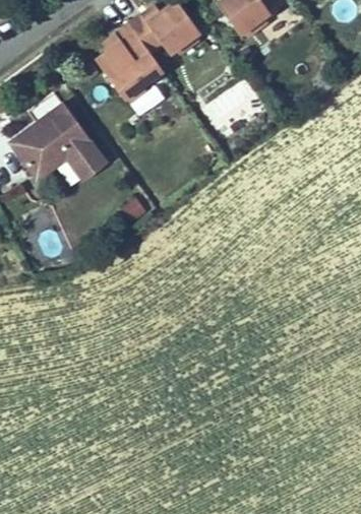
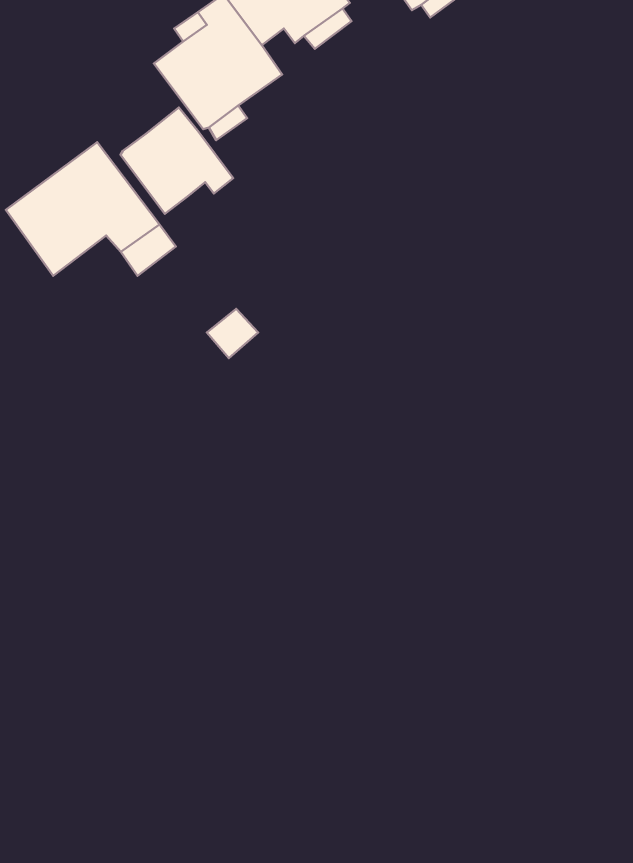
building: none -> [121,107,233,214]

